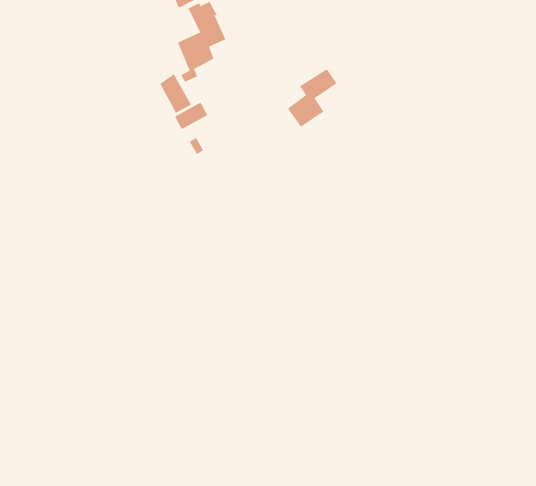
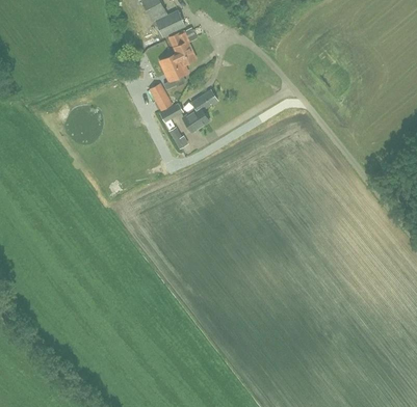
building: [287,68,338,128] -> [183,89,218,131]

